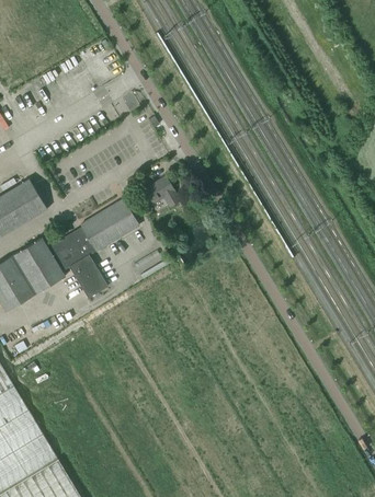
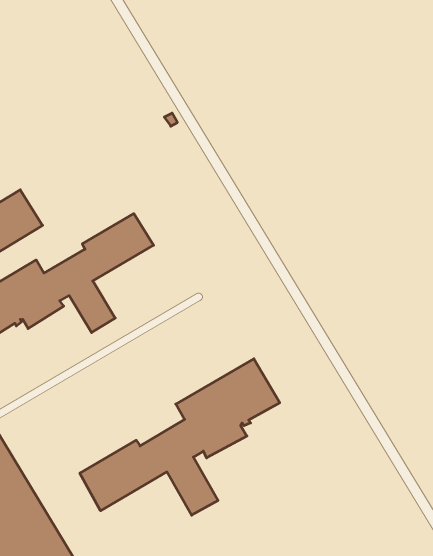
building: [143,176,180,206] -> none
building: none -> [80,359,280,515]

